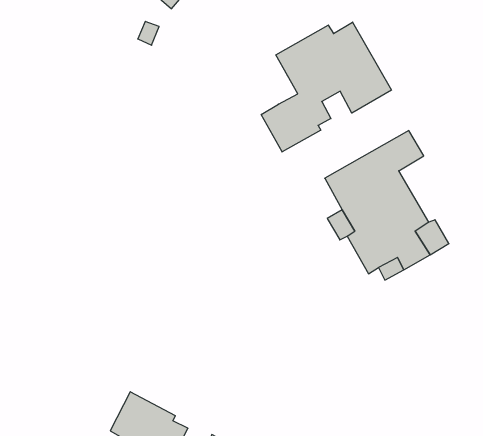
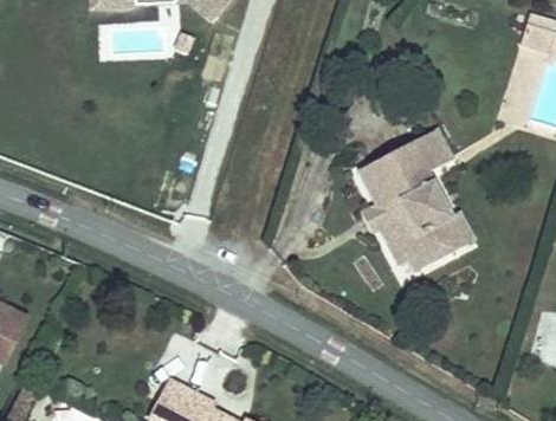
building: [261,22,391,152] -> none

